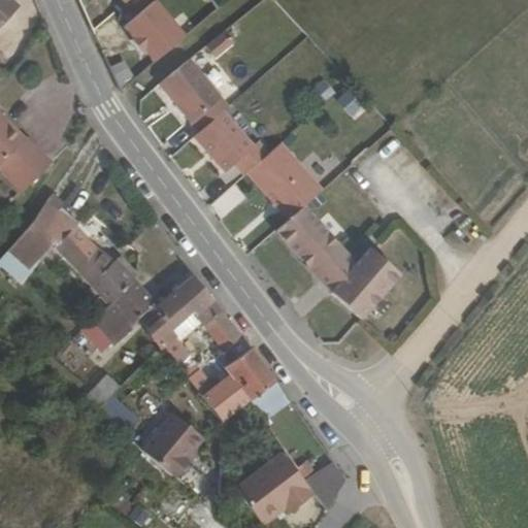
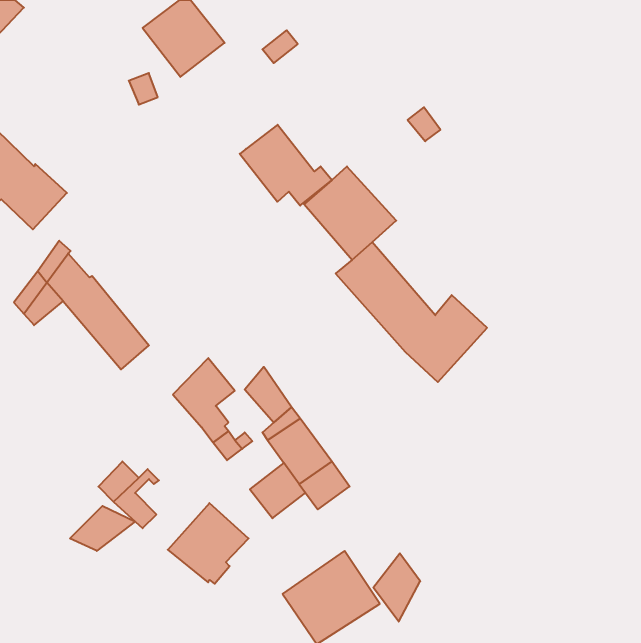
building: [167,55,232,123] -> none
building: [170,269,216,321] -> none
building: [84,284,145,346] -> none
building: none -> [70,506,135,551]

